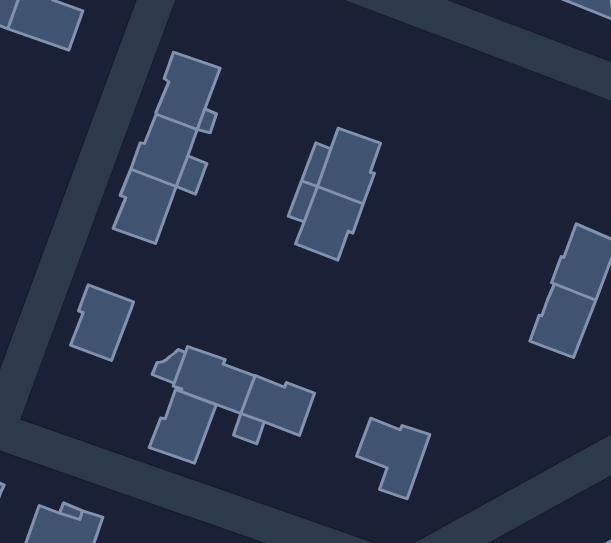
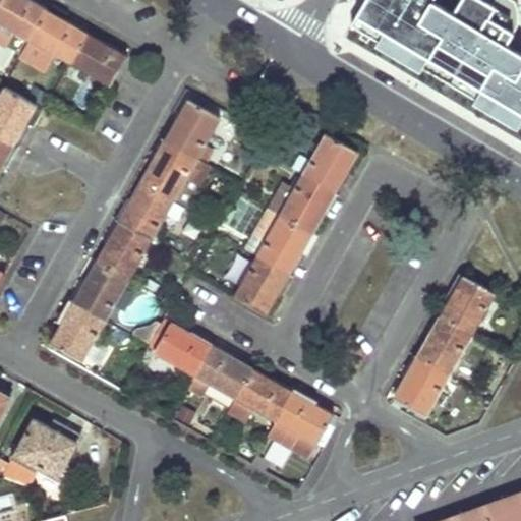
building: none -> [301,133,357,192]
building: none -> [97,223,152,280]
building: none -> [233,256,285,315]
building: none -> [394,358,448,416]
building: [149,390,216,463] -> [50,304,105,361]
building: none -> [227,369,290,423]

